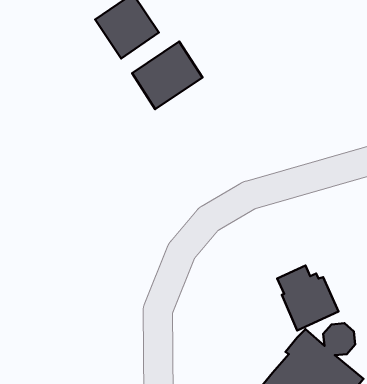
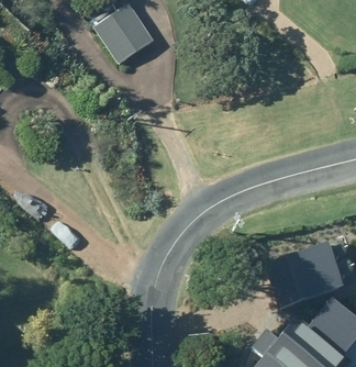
building: [132,42,202,109] -> none

